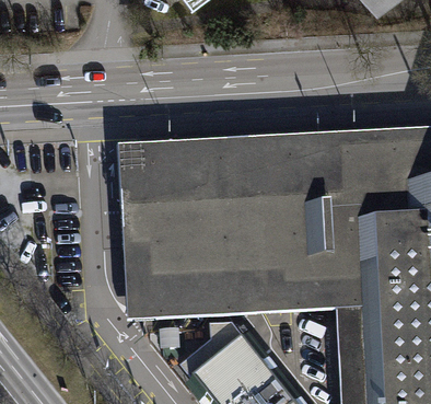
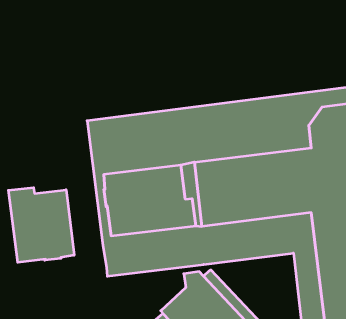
building: none -> [8,188,74,262]

